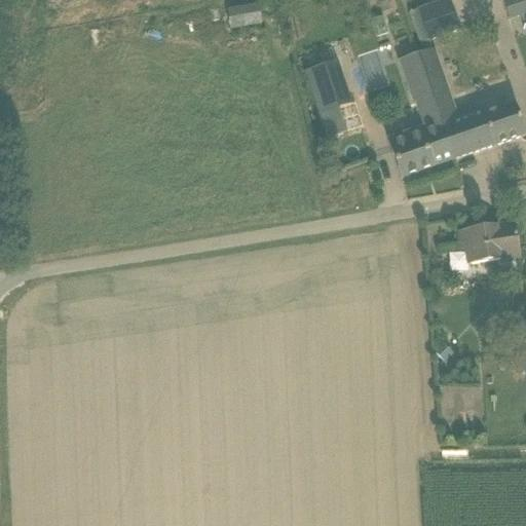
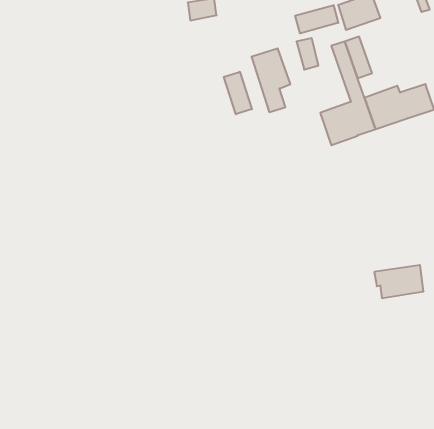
building: none -> [295,5,338,33]
building: none -> [224,72,252,114]
building: [459,221,519,261] -> [374,265,424,298]

